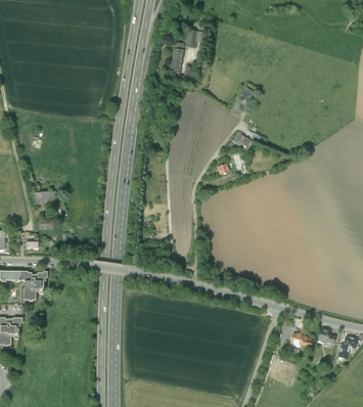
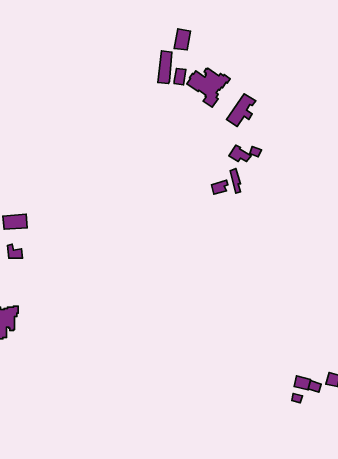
building: none -> [187,68,230,107]

